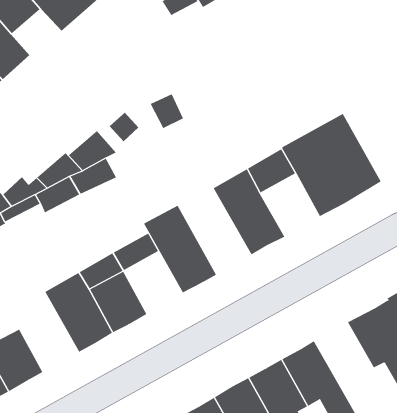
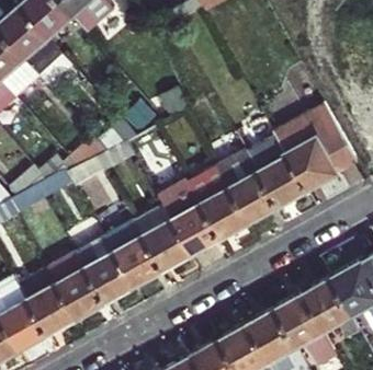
building: none -> [255,154,304,207]
building: none -> [187,166,247,239]
building: none -> [140,219,190,271]
building: none -> [45,253,103,320]
building: none -> [299,278,358,338]

